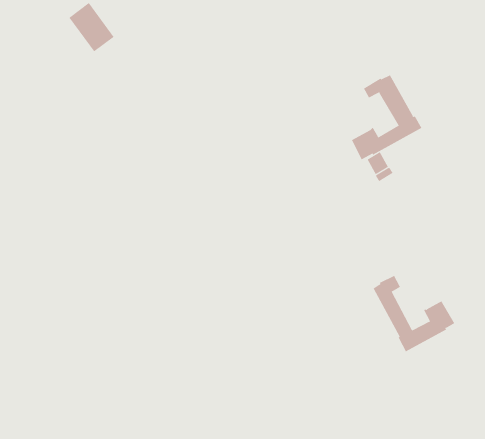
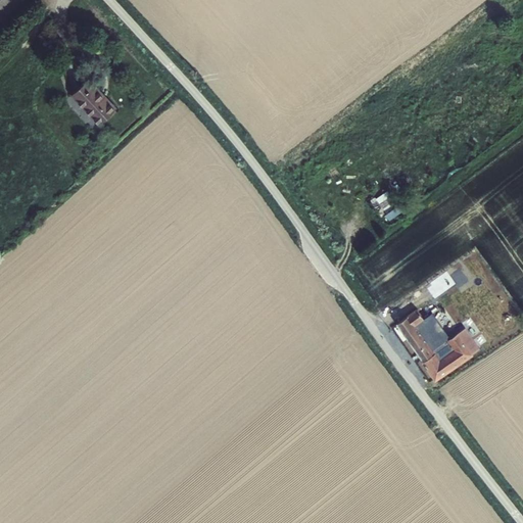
building: [351,75,422,160] -> none
building: none -> [414,313,453,360]

